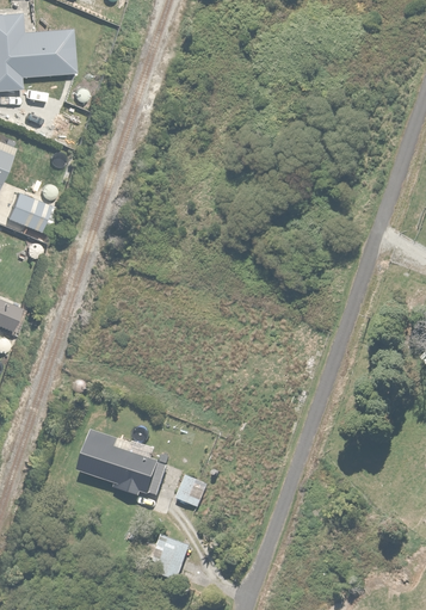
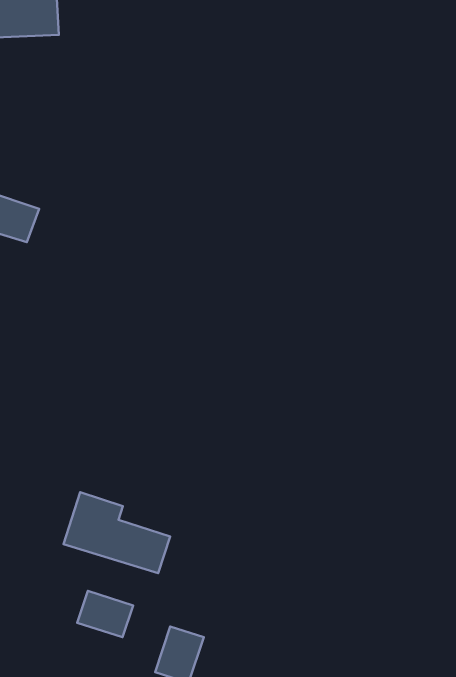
building: [175,476,208,509] -> none
building: none -> [77,591,133,637]

